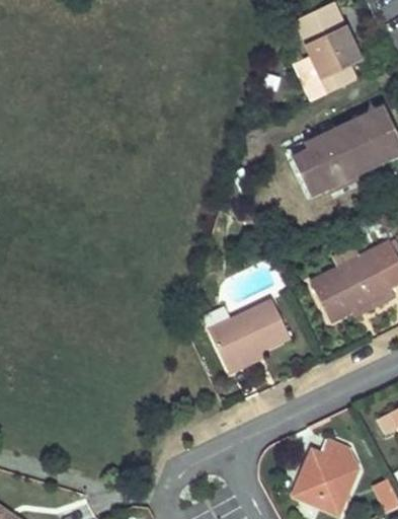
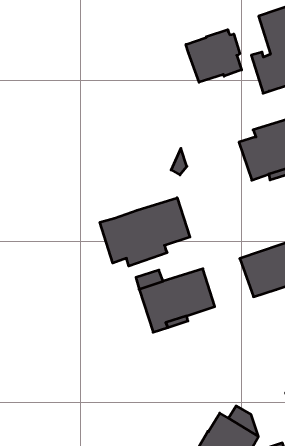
building: none -> [186,30,242,82]
building: none -> [100,198,190,266]

